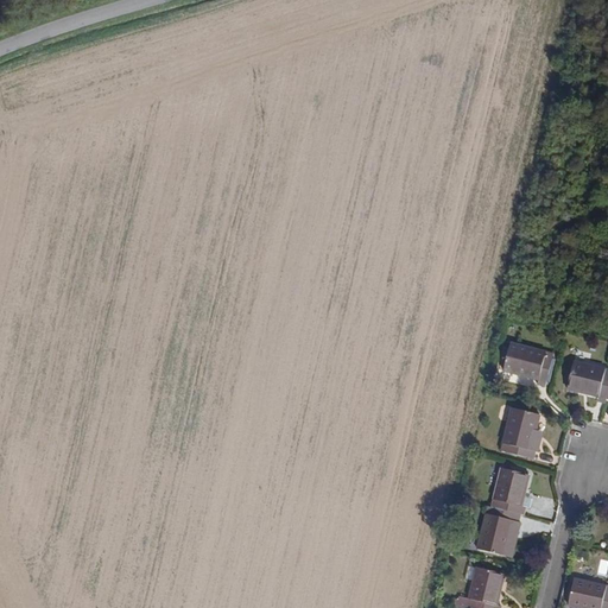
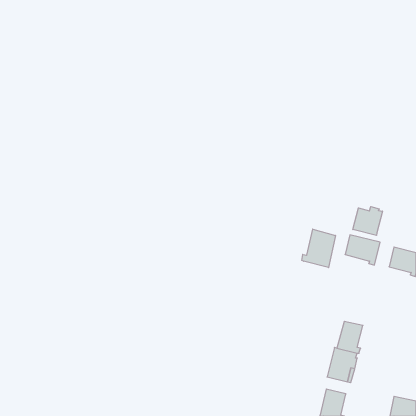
building: none -> [353,207,382,235]
building: none -> [302,229,335,268]
building: [500,407,539,458] -> none

